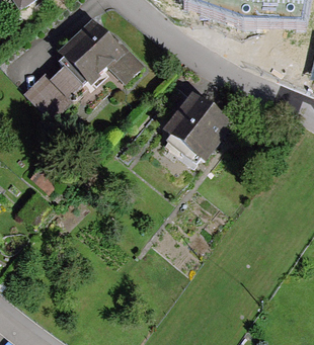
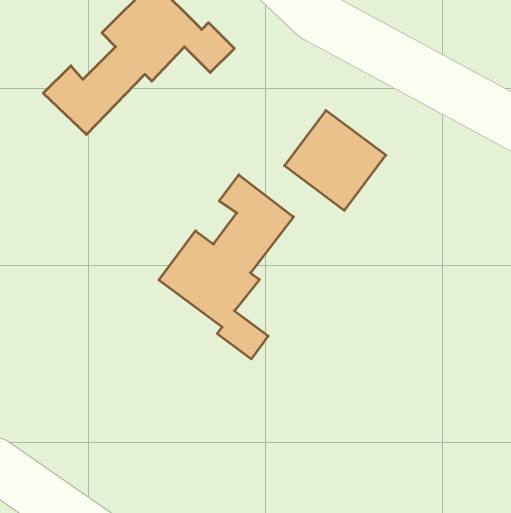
building: none -> [159,175,294,359]

